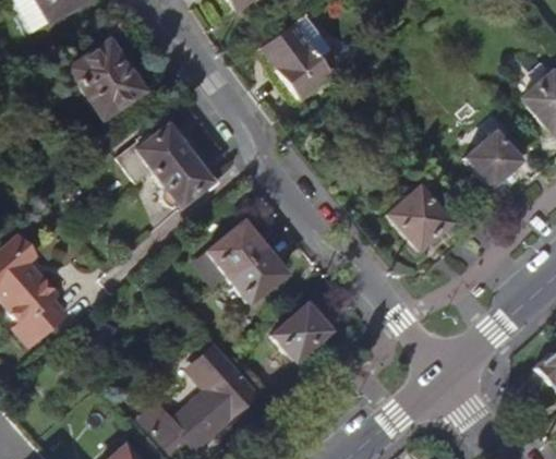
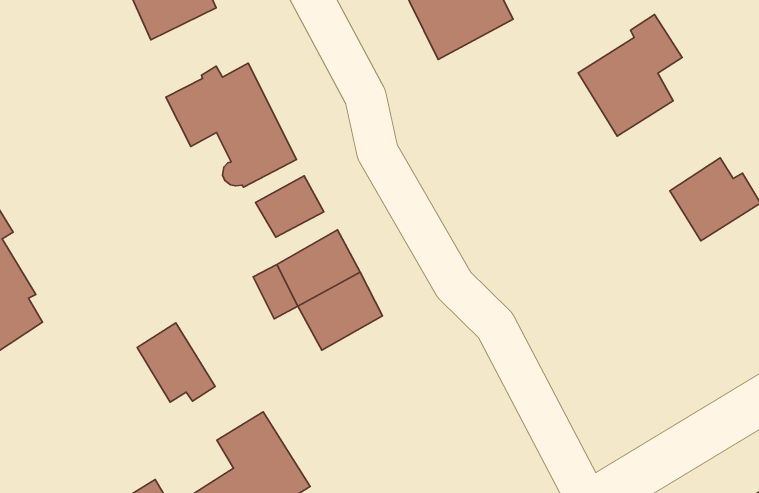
building: [386,167,452,251] -> [578,15,682,136]
building: none -> [255,176,324,237]
building: none -> [137,323,215,402]
building: [277,304,333,360] -> none

